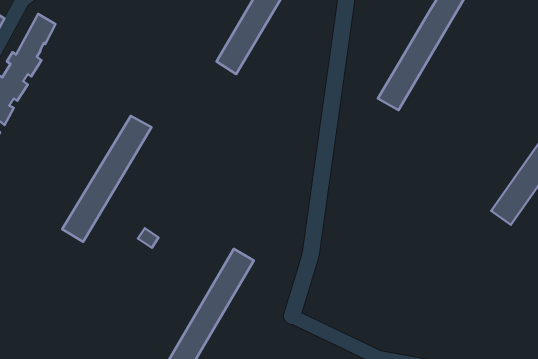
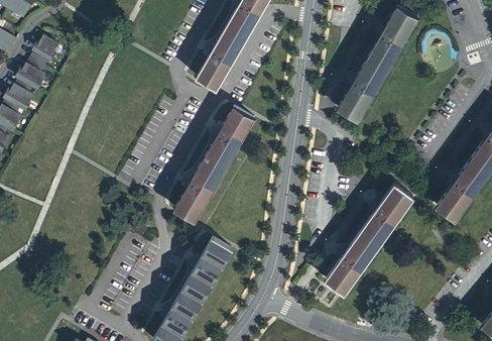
building: [62,116,152,242] -> [175,109,253,219]
building: none -> [328,187,412,293]

